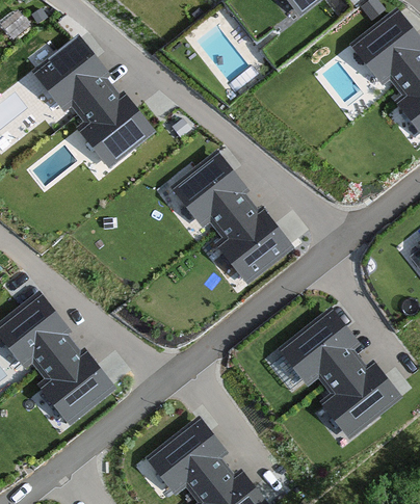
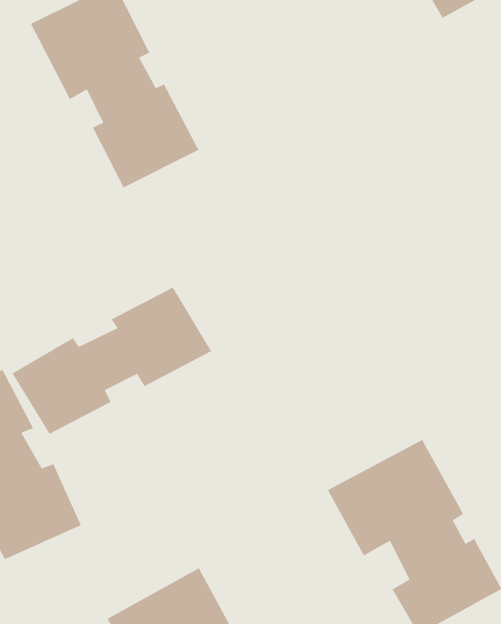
building: [166,148,293,284] -> none
building: none -> [11,287,212,435]

